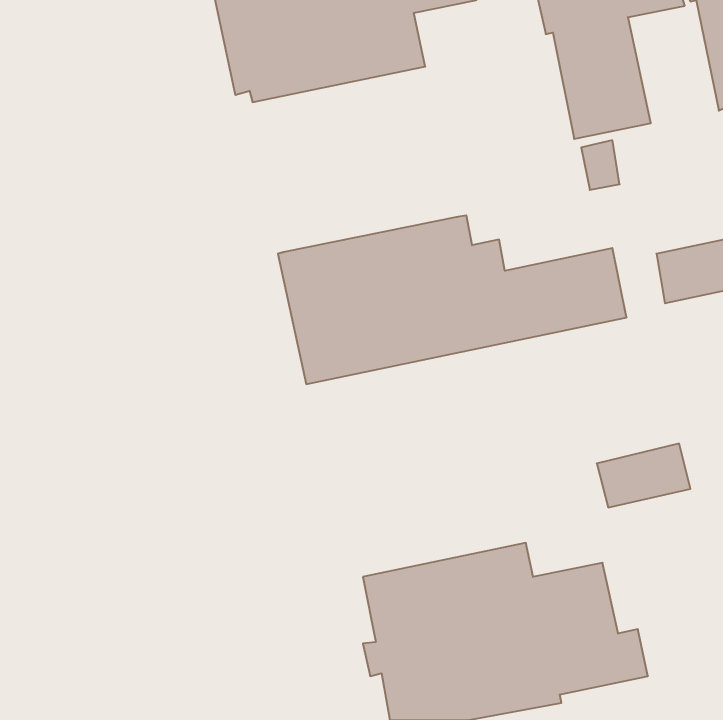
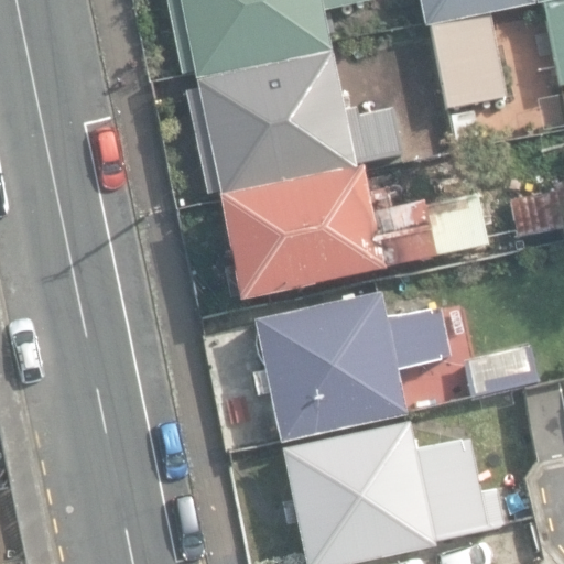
building: none -> [188,52,402,196]
building: none -> [253,292,453,440]

